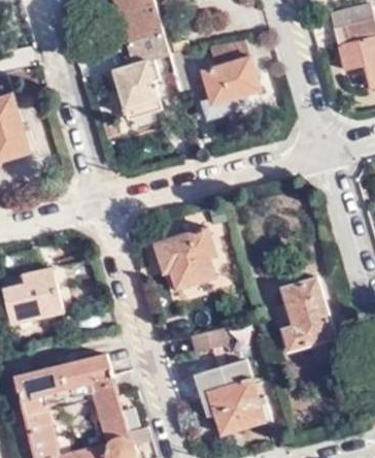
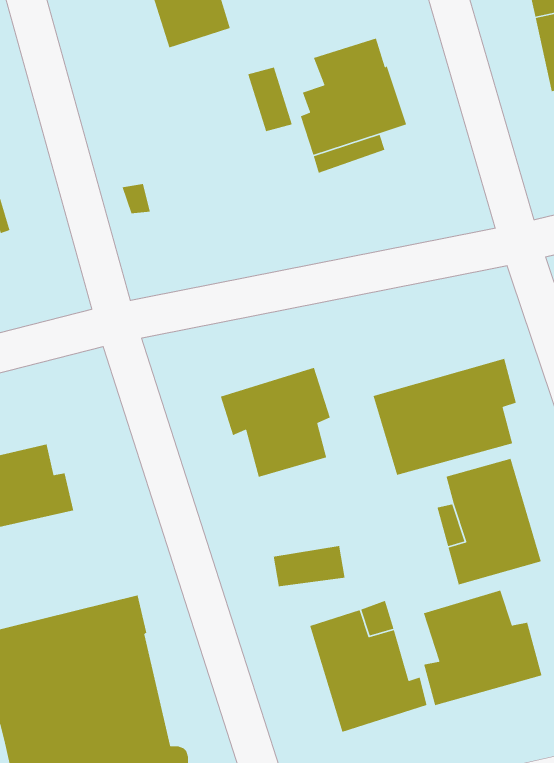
building: [112,35,167,112] -> none
building: none -> [372,358,517,476]
building: none -> [423,589,542,706]

